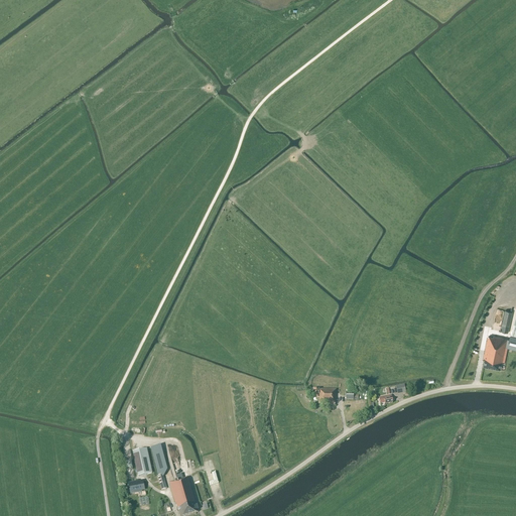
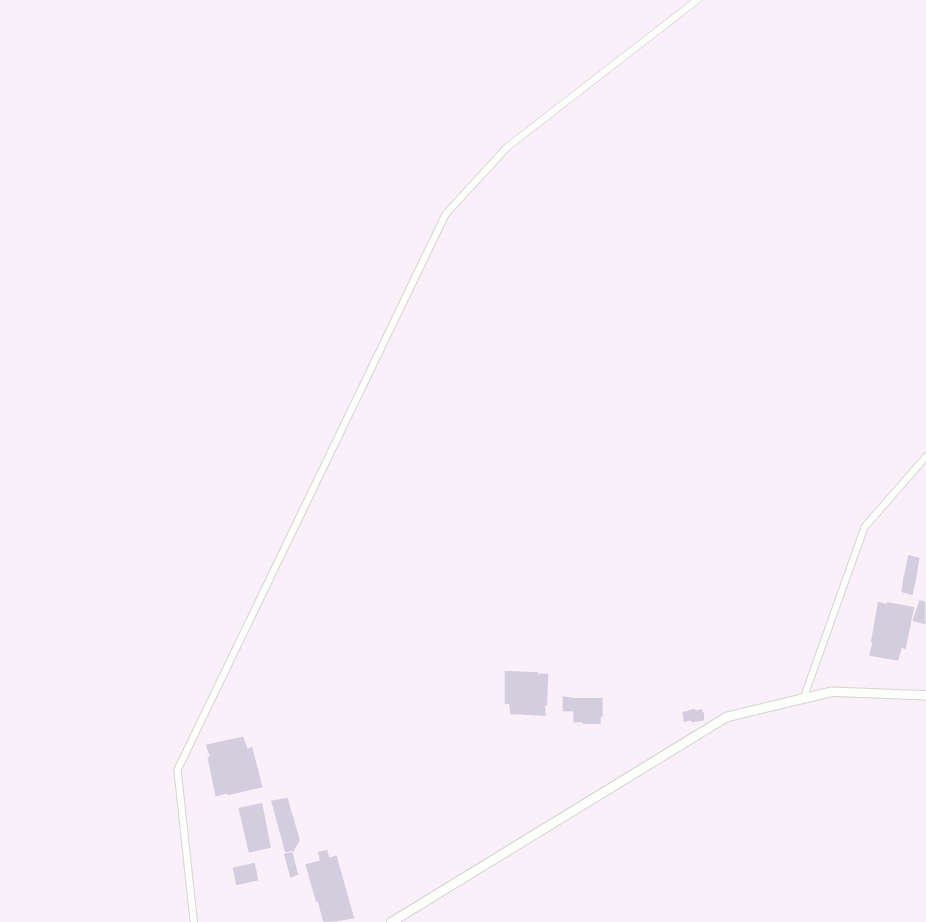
building: none -> [504,670,549,717]
building: none -> [205,736,263,797]

